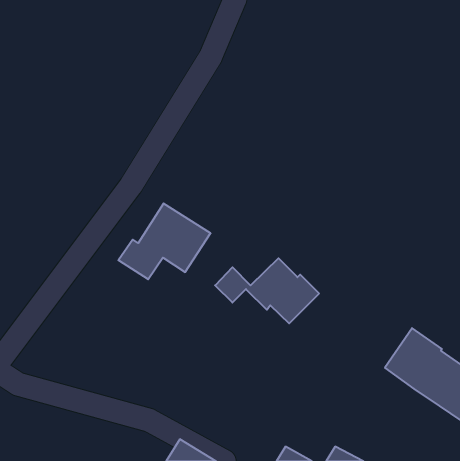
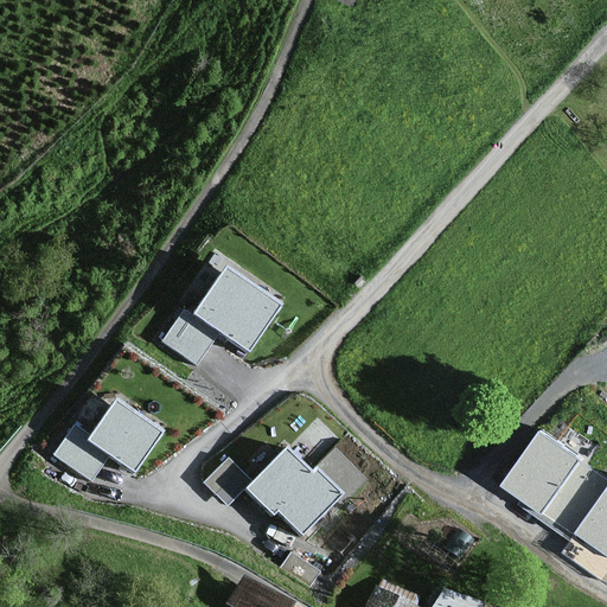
building: [215,258,319,323] -> [209,446,345,531]
building: none -> [52,404,154,483]

